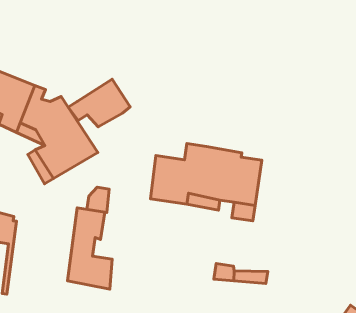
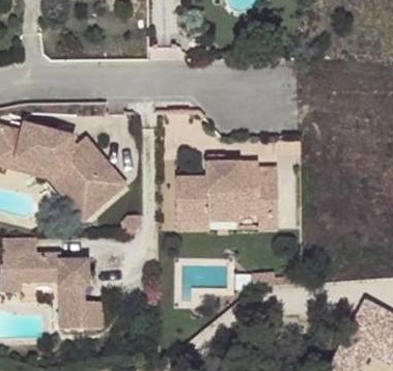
building: [68,79,130,127] -> none
building: [67,208,112,289] -> [61,257,103,327]

